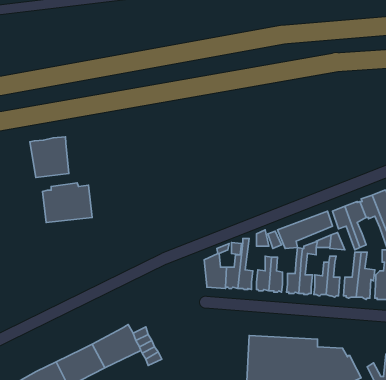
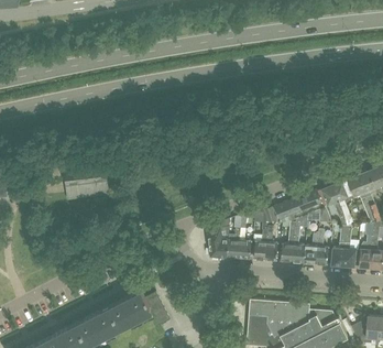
building: [30,137,69,177] -> none

